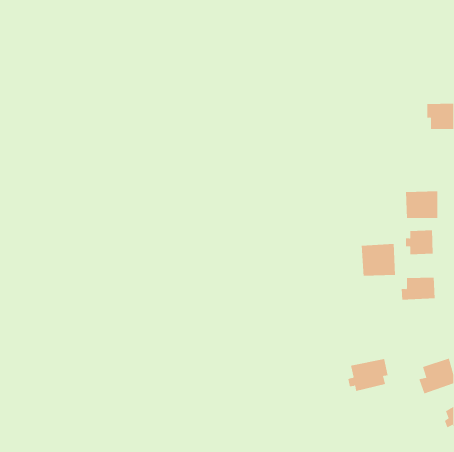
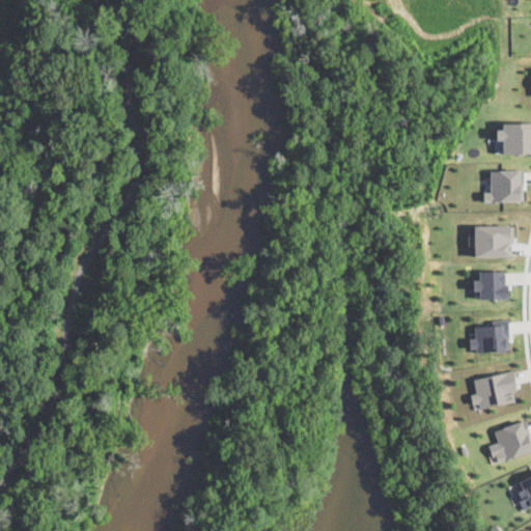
building: none -> [482,170,523,202]
building: [361,243,395,276] -> none
building: [347,359,388,391] -> [470,372,518,411]

